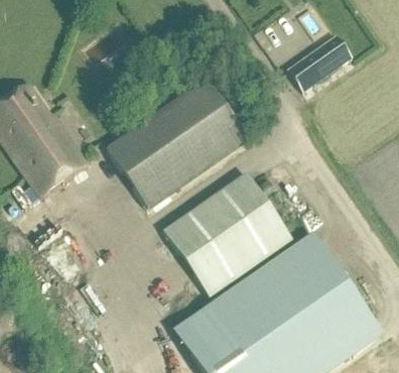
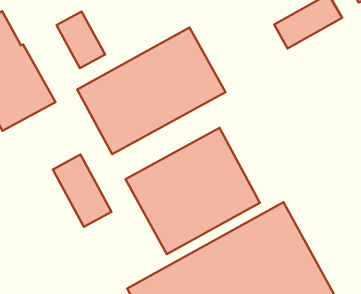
building: none -> [56,12,105,68]
building: none -> [53,155,112,227]

